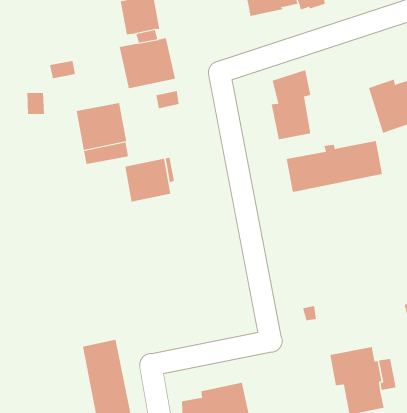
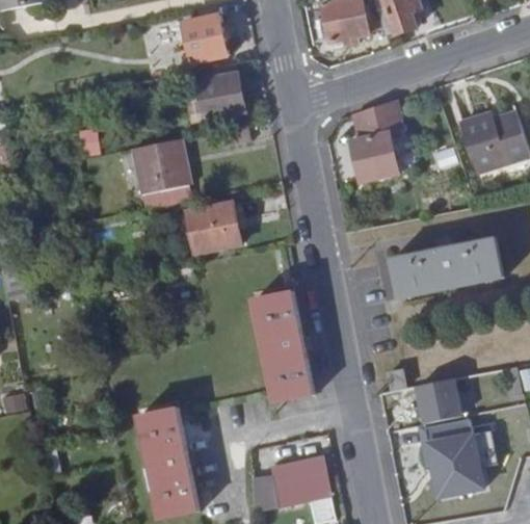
building: [286,140,383,192] -> [391,238,501,297]
building: none -> [254,292,312,401]
building: none -> [416,378,460,423]

